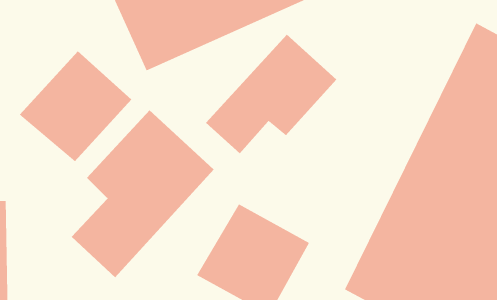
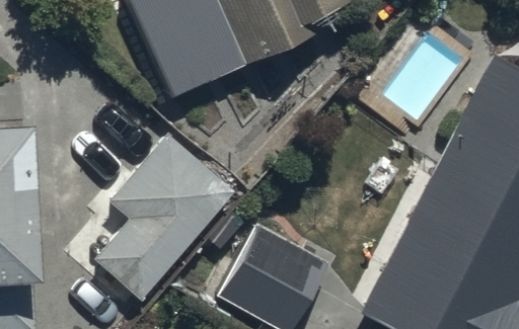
building: [205,34,337,154] -> none
building: [19,50,132,162] -> none

